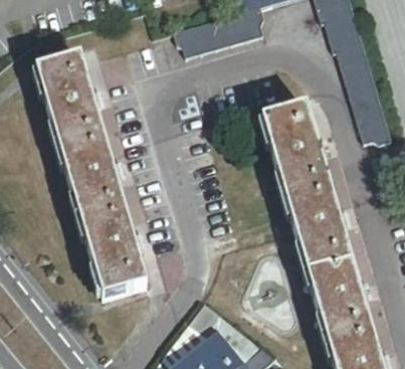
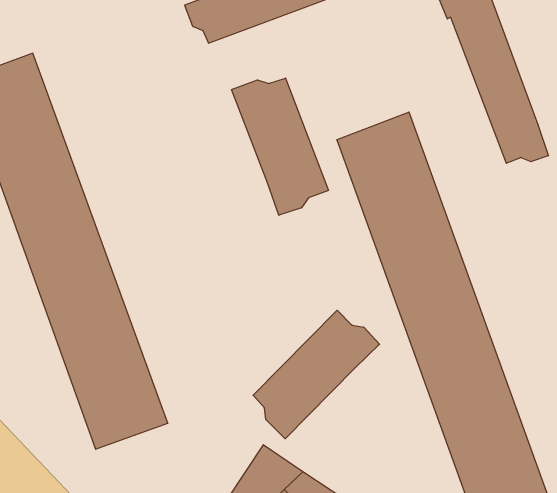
building: none -> [232,78,328,215]
building: none -> [253,310,380,439]

